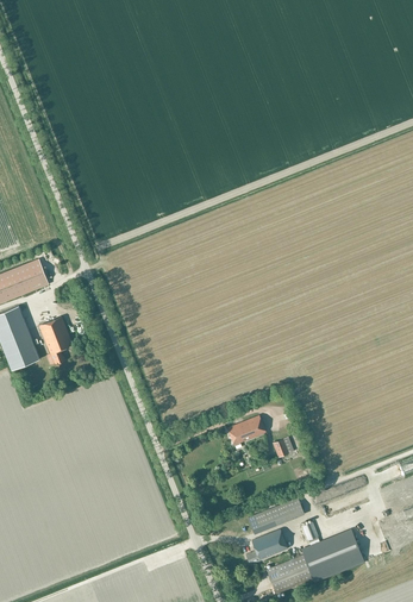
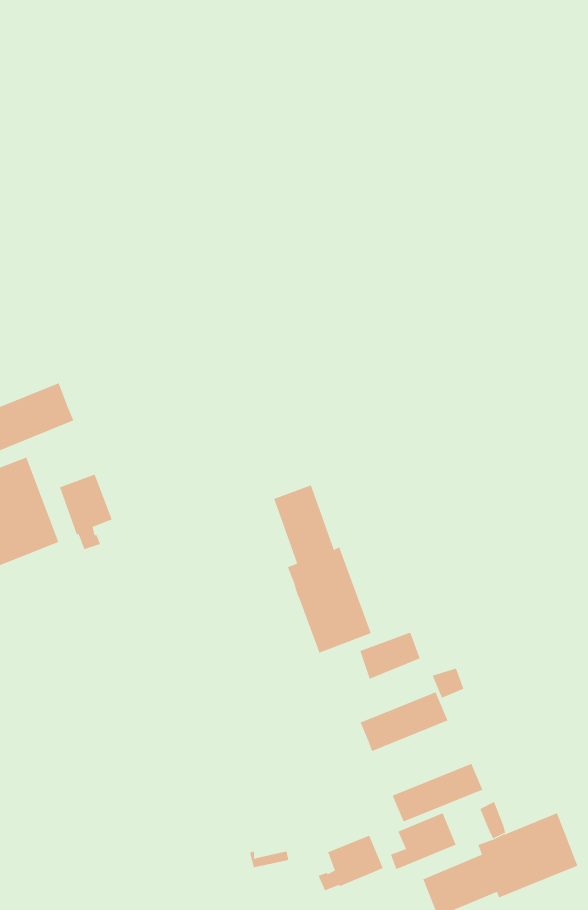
building: none -> [273,484,372,653]
building: none -> [360,691,448,752]
building: none -> [318,835,384,891]

